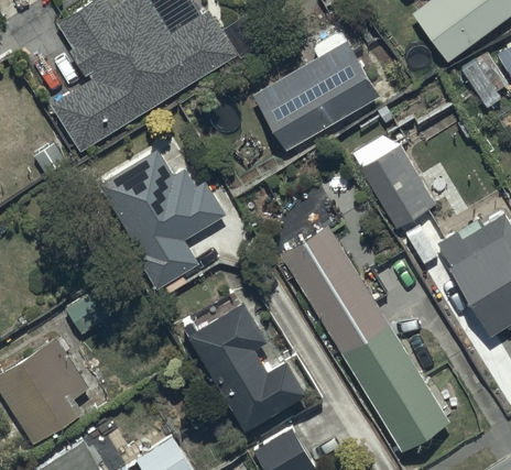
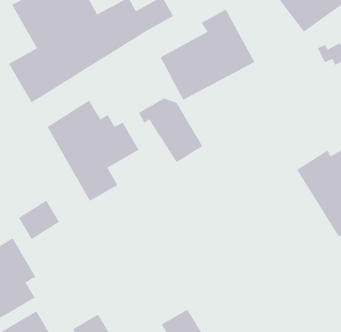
building: [346,141,433,228] -> [138,98,203,163]
building: [282,225,447,449] -> none
building: [184,292,308,430] -> none

